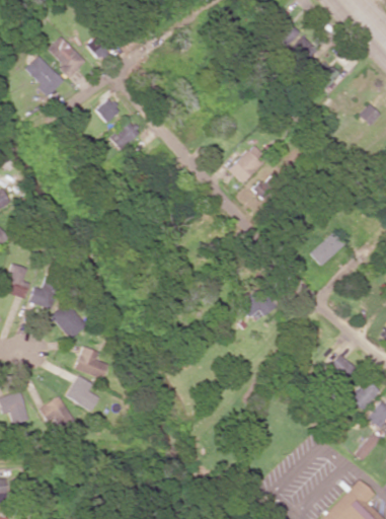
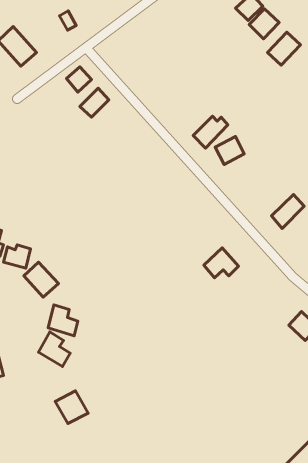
building: [48,36,87,78] -> none
building: [40,396,74,431] -> [55,391,88,424]

